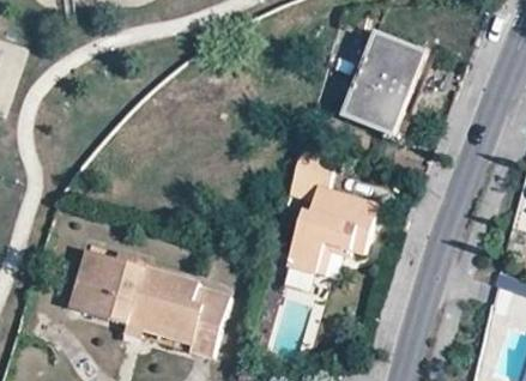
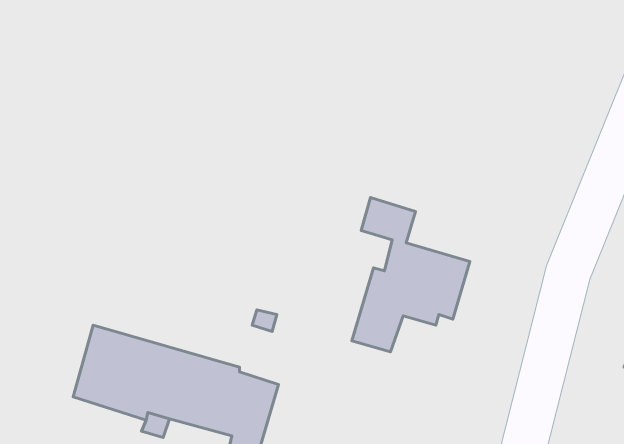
building: [343,36,427,138] -> none

